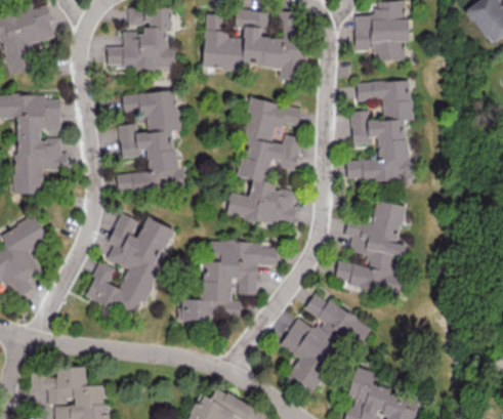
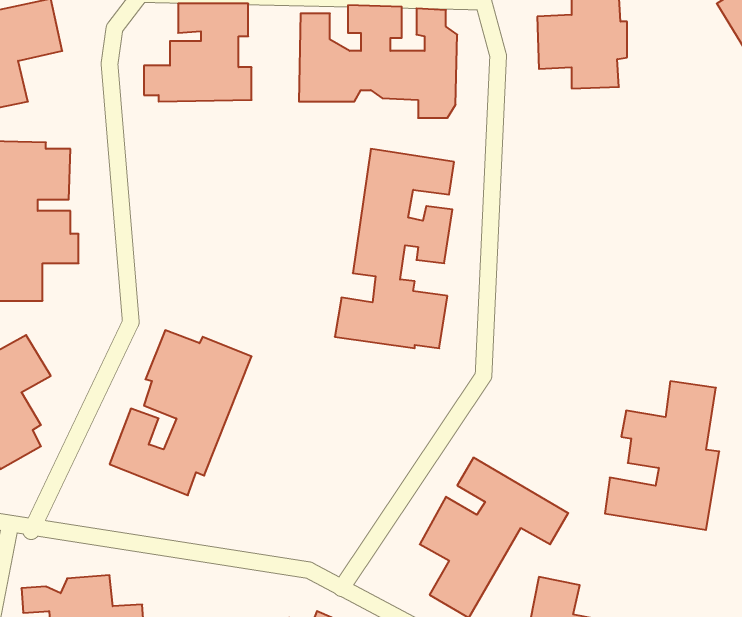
building: [346,79,412,182] -> none
building: [116,89,185,195] -> none
building: [334,200,406,293] -> [605,381,719,530]
building: [181,241,277,321] -> none

